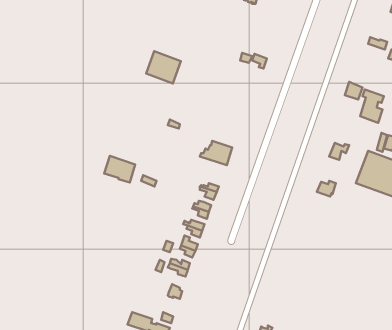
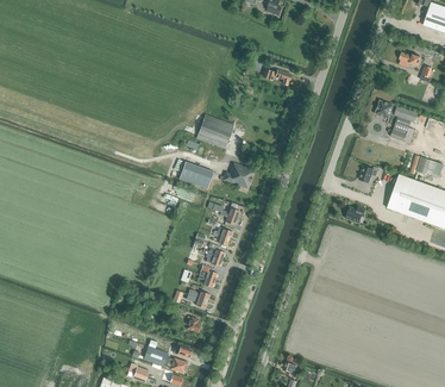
building: [146,51,181,83] -> [198,114,234,149]
building: [104,156,135,182] -> [180,160,213,188]

